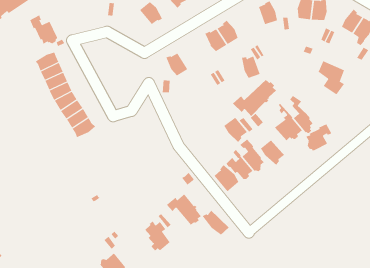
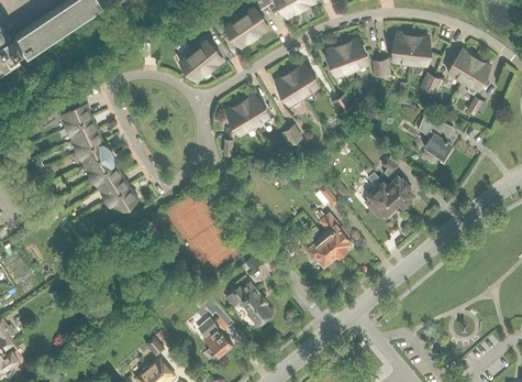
building: none -> [179,52,209,83]
building: [30,15,58,44] -> none
building: none -> [240,95,268,127]
building: [241,55,260,79] -> [326,46,351,76]
building: [232,79,277,117] -> none
building: [224,117,249,143] -> none
building: [306,123,332,151] -> none
building: [260,139,286,166] -> none
building: [213,164,239,192] -> none
building: [202,209,229,236] -> none

